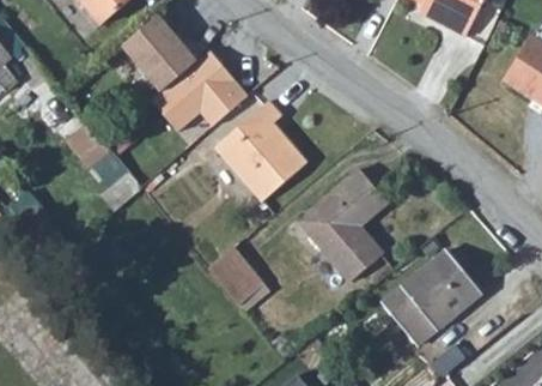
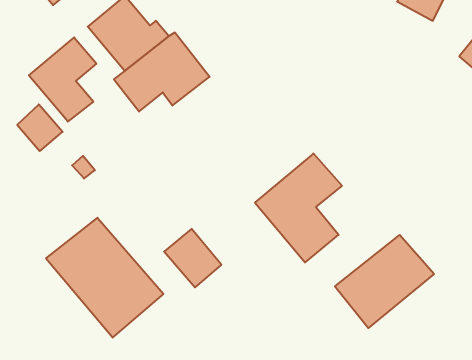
building: none -> [29,37,96,122]
building: [212,103,303,204] -> none
building: none -> [46,218,163,338]

